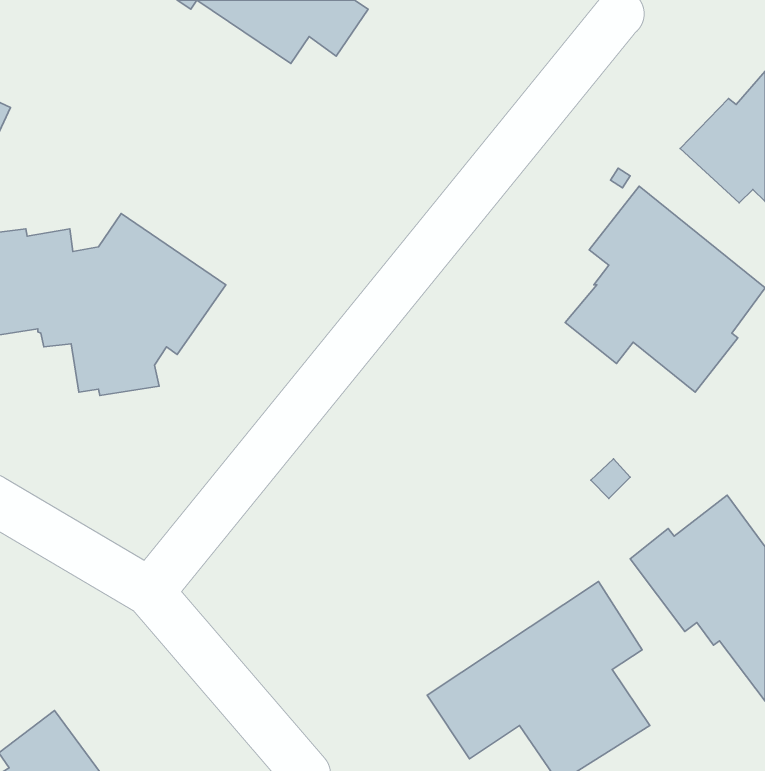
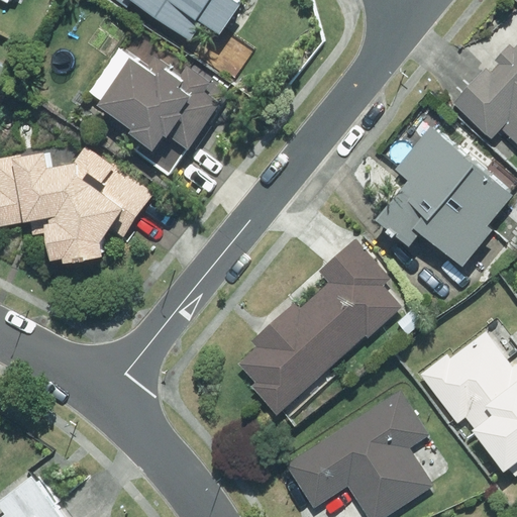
building: none -> [99,55,222,156]
building: none -> [237,239,401,413]

